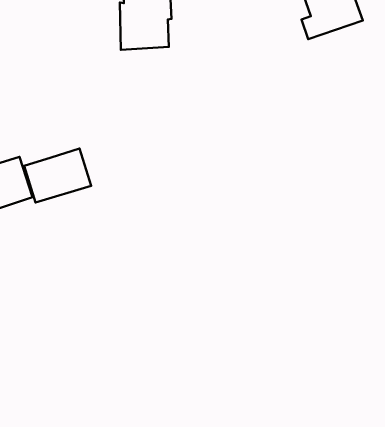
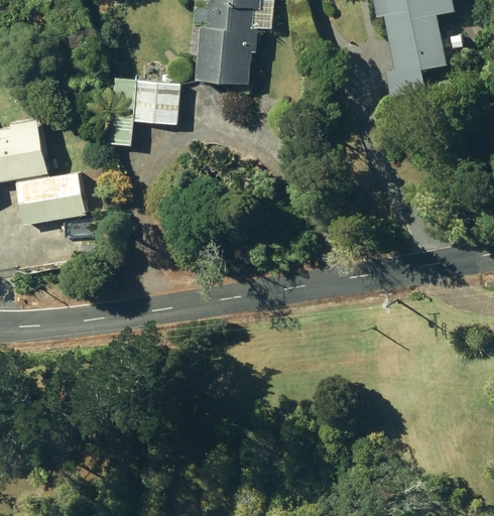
building: none -> [132,84,178,121]
building: [24,148,91,202] -> none

